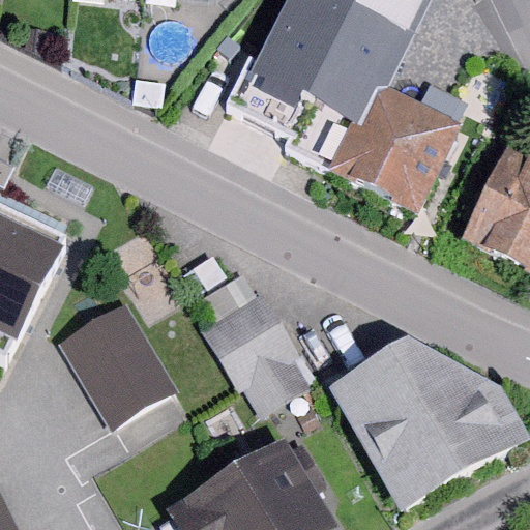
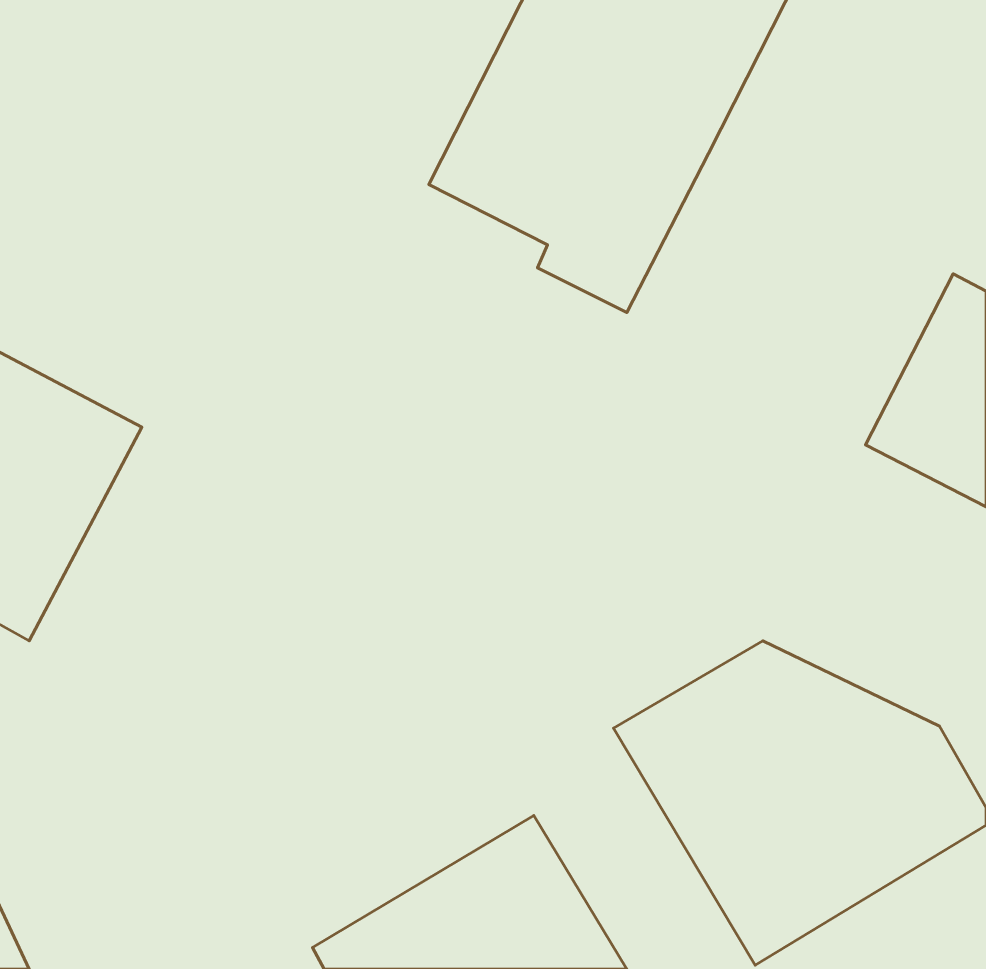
building: [331,82,463,215] -> none
building: [204,289,316,413] -> none
building: [62,301,174,422] -> none

